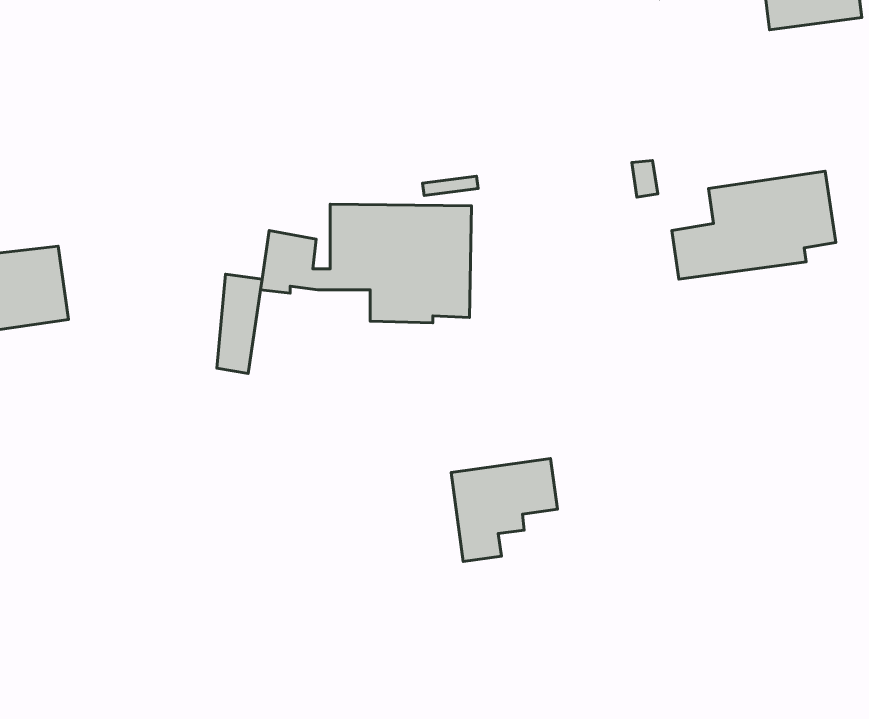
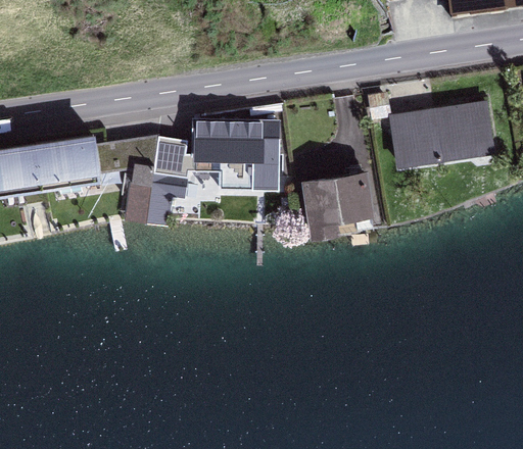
building: none -> [36,136,131,192]
building: none -> [147,168,188,222]
building: [451,458,557,561] -> [306,173,369,234]

